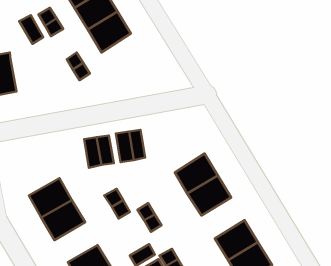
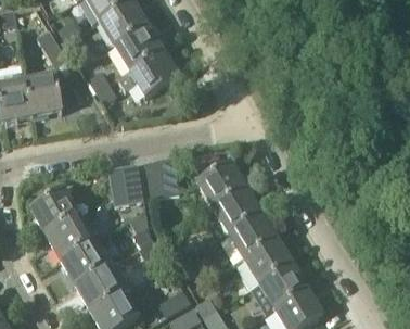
building: none -> [118,50,179,97]
building: none -> [26,75,62,116]
building: none -> [197,162,246,208]
building: none -> [30,188,81,235]
building: none -> [241,237,292,289]
building: none -> [76,265,125,311]

